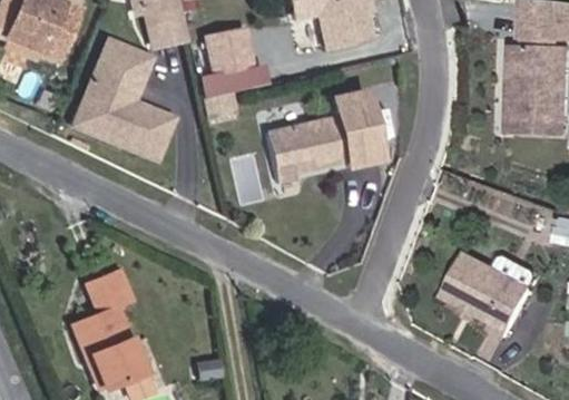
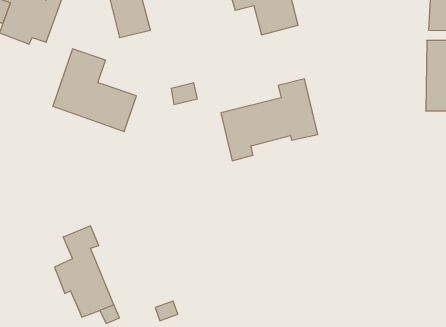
building: [200,23,269,104] -> none
building: [97,41,149,103] -> none
building: [444,255,528,332] -> none

